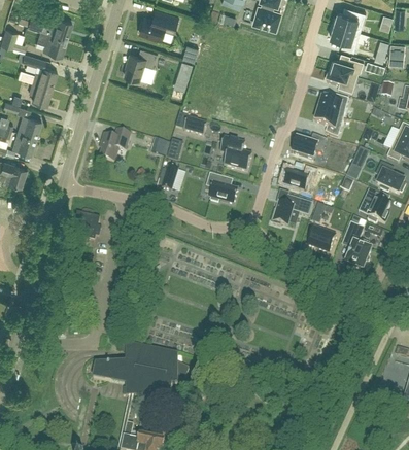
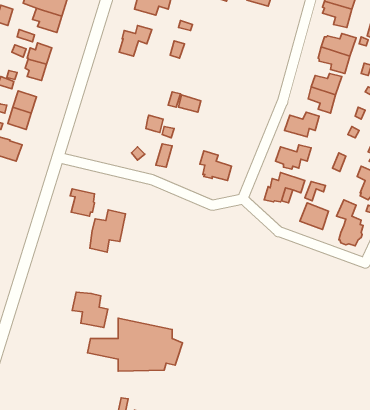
building: [100,132,131,164] -> none
building: [220,139,252,173] -> none
building: none -> [90,210,125,252]
building: none -> [72,292,108,328]

